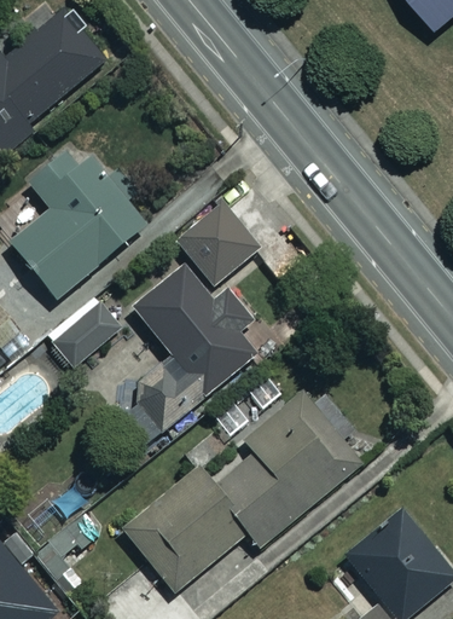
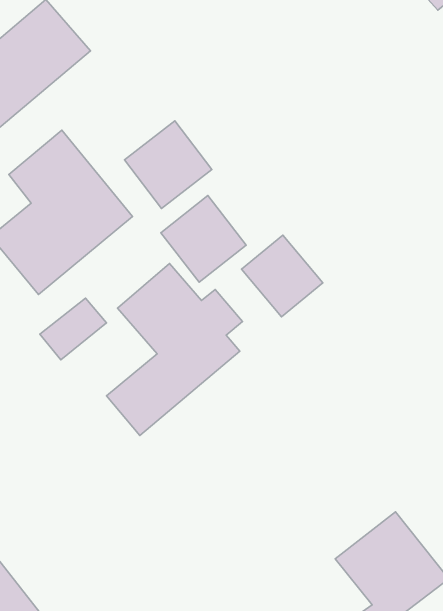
building: none -> [125,121,212,208]
building: none -> [241,235,323,317]
building: [124,389,361,592] -> none

